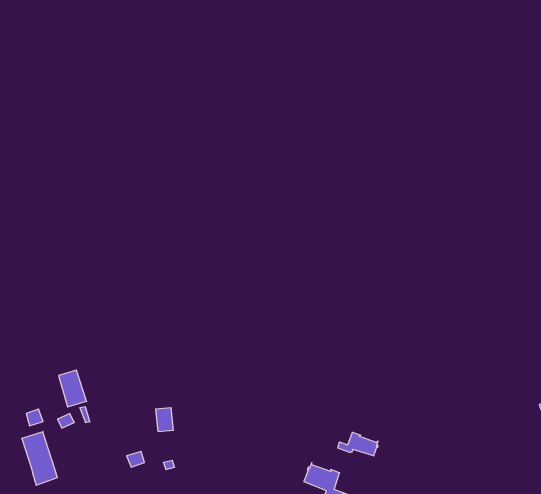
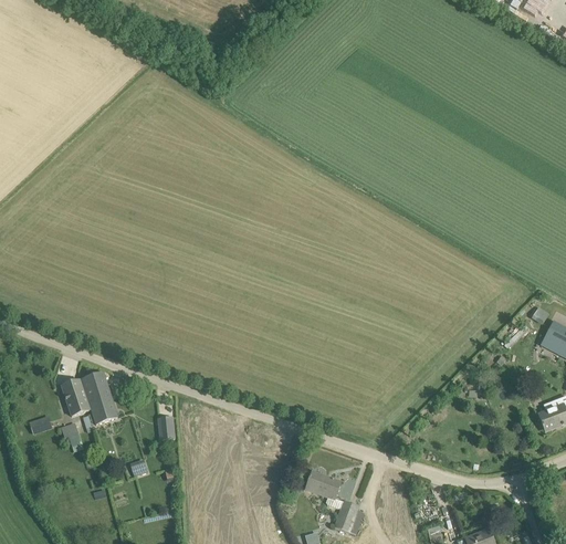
building: [22,432,57,485] -> [82,370,117,423]
building: [338,432,378,456] -> none

